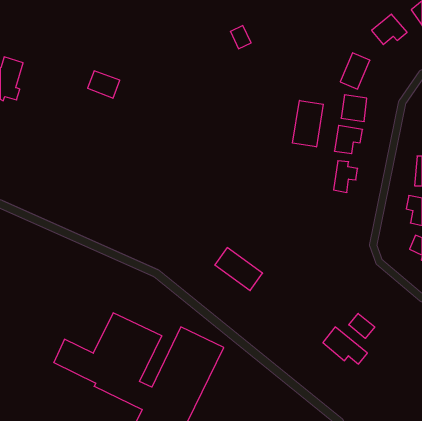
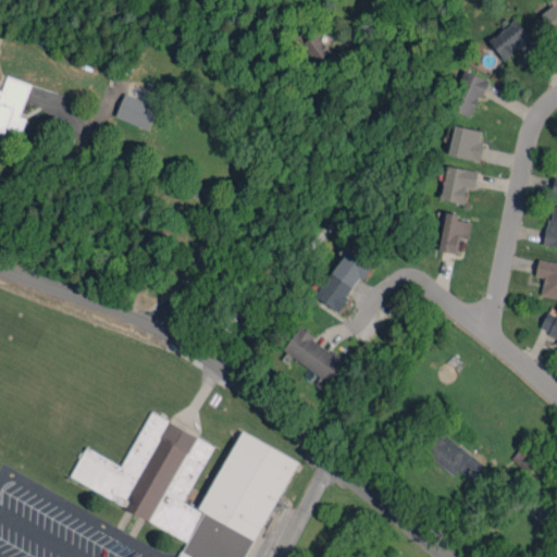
building: [293,100,323,147] -> none
building: none -> [315,249,371,312]
building: [349,313,375,338] -> none

